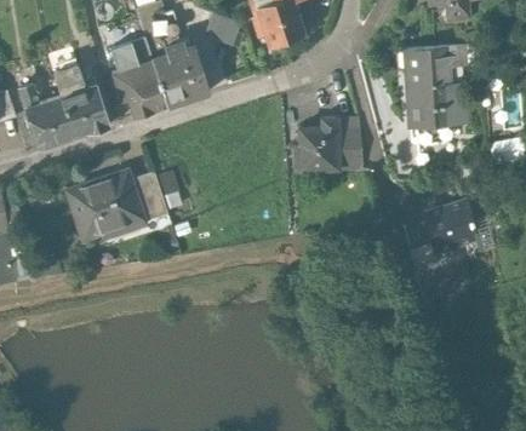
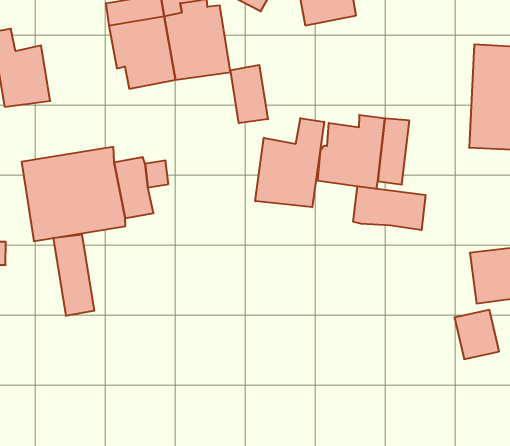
building: [55,70,112,139] -> none
building: none -> [230,65,268,123]
building: none -> [255,118,324,207]
building: none -> [353,186,425,230]
building: none -> [53,234,94,316]

